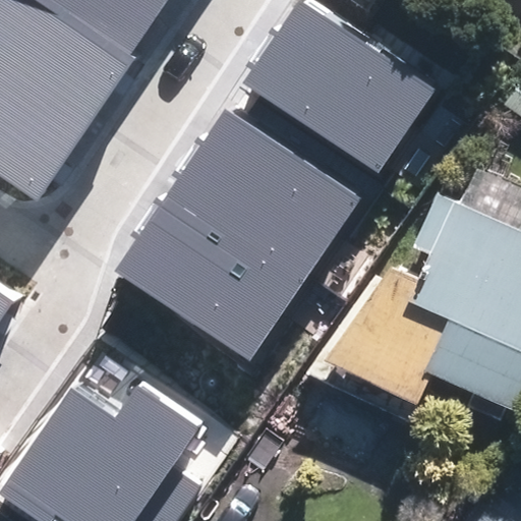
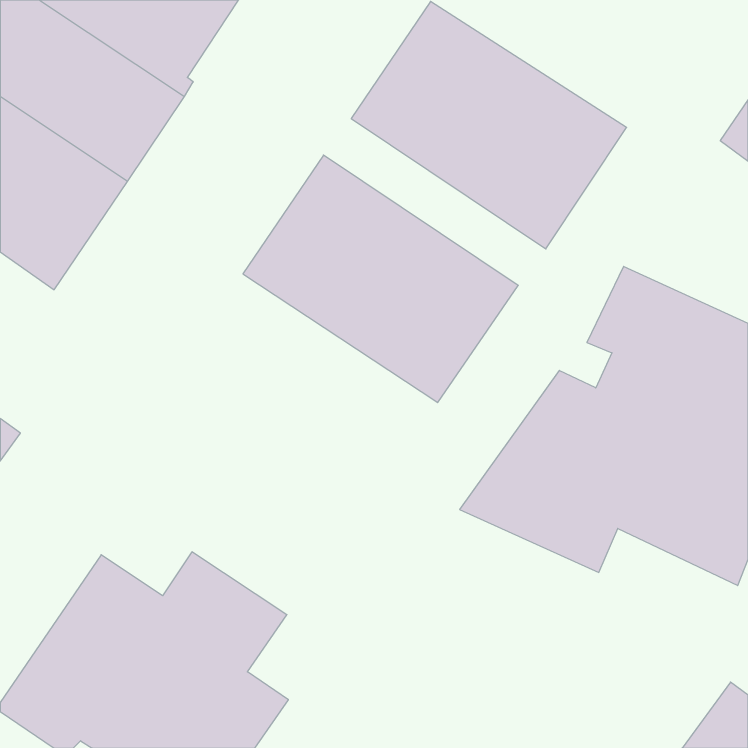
building: [114,190,304,361] -> none

